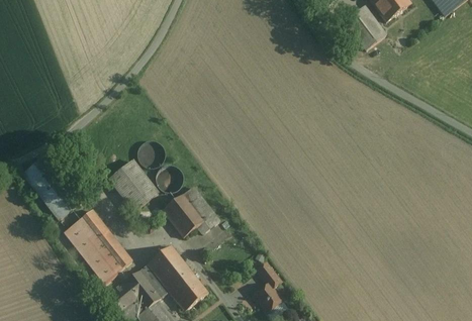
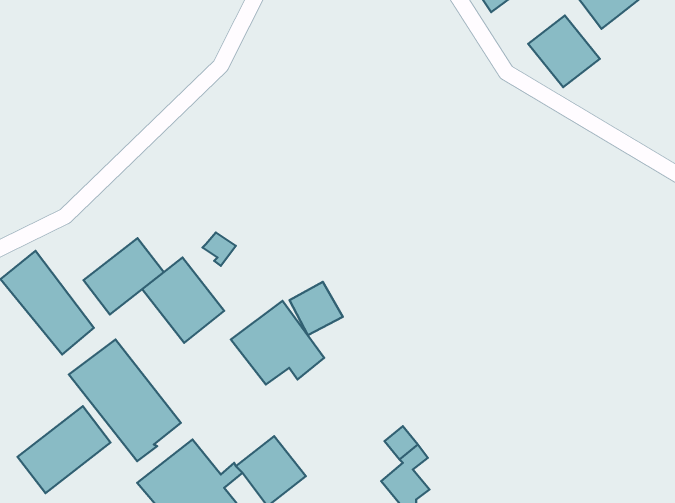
building: none -> [84,238,164,314]
building: [153,160,185,193] -> [289,282,343,335]
building: [147,244,188,286] -> none
building: none -> [18,406,111,493]

